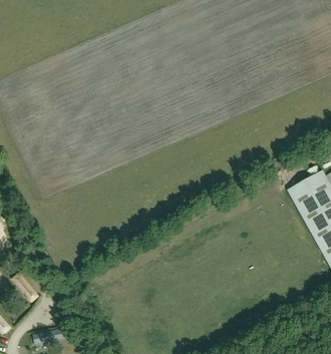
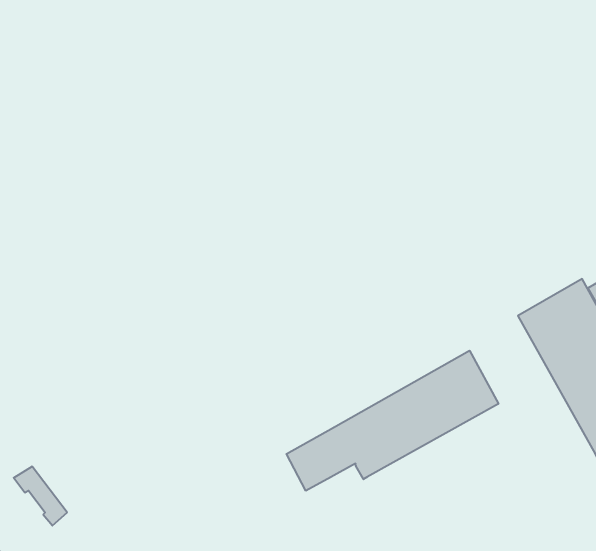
building: none -> [286,351,498,491]

